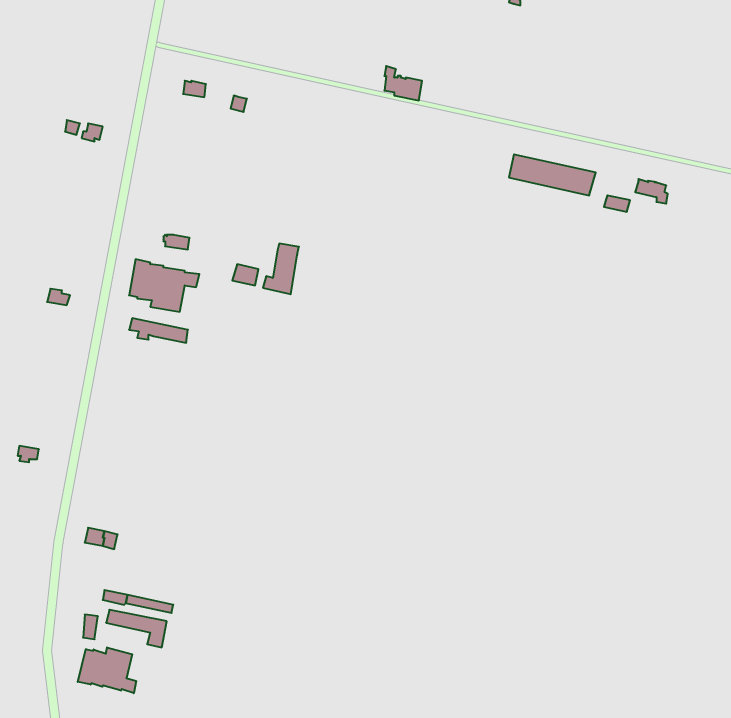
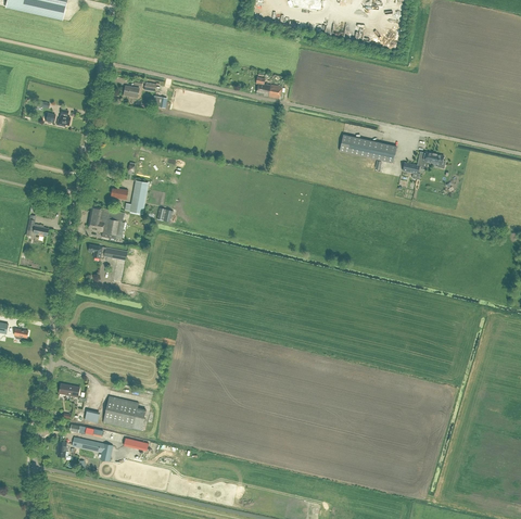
building: [263,244,299,294] -> [124,180,148,214]
building: none -> [102,395,145,431]
building: [78,647,136,693] -> none

